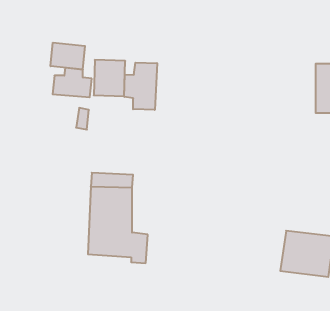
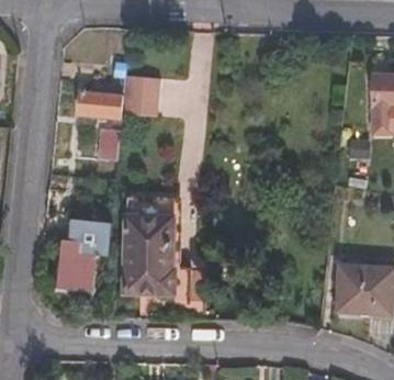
building: [51,43,85,70] -> none
building: [124,63,157,110] -> none
building: none -> [56,221,109,292]

